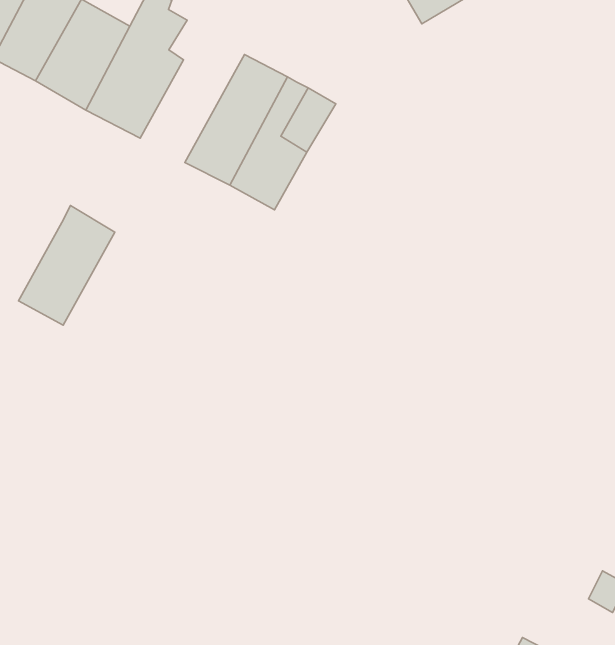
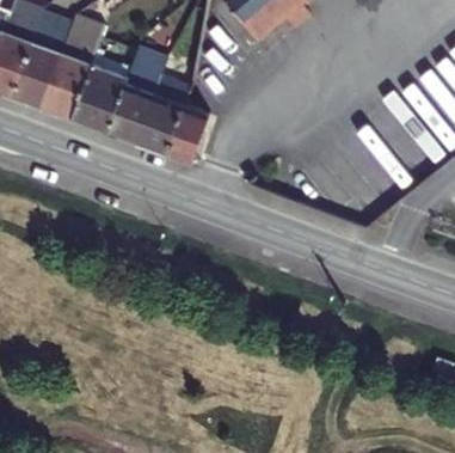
building: [19,206,115,325] -> [100,72,152,143]

